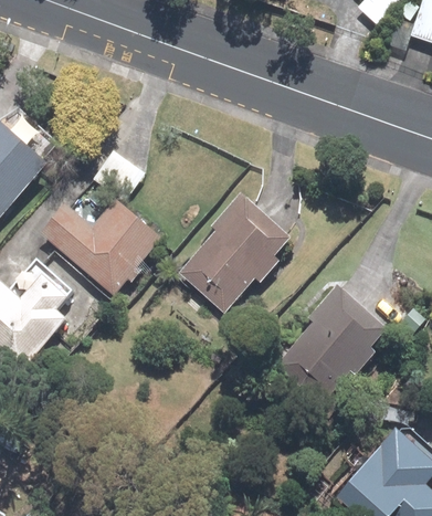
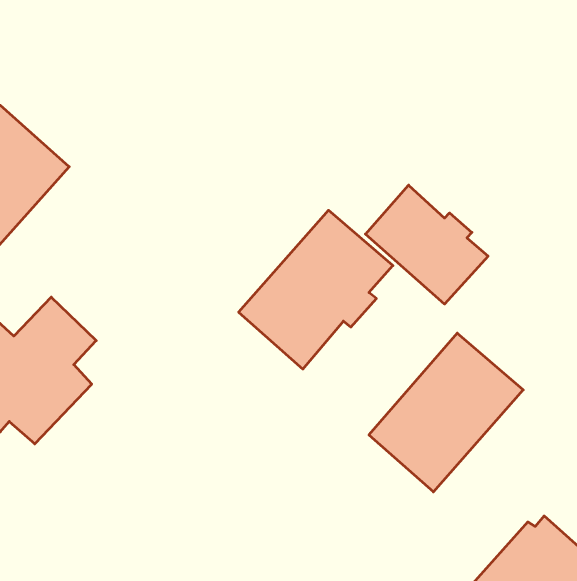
building: none -> [365,185,488,304]
building: [39,202,159,295] -> none

